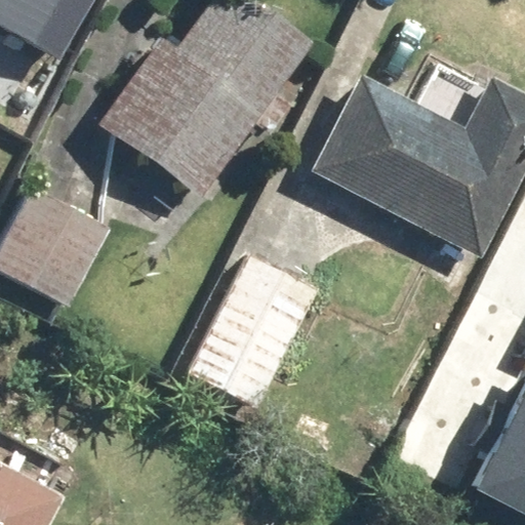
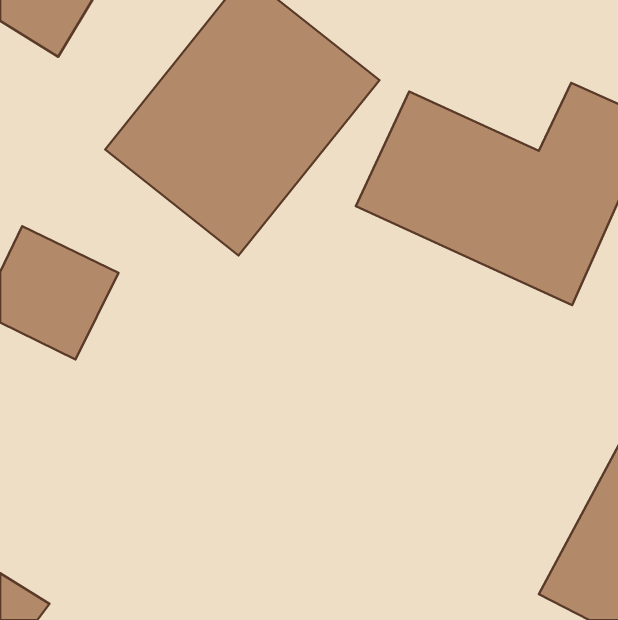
building: [189,242,330,414] -> none

